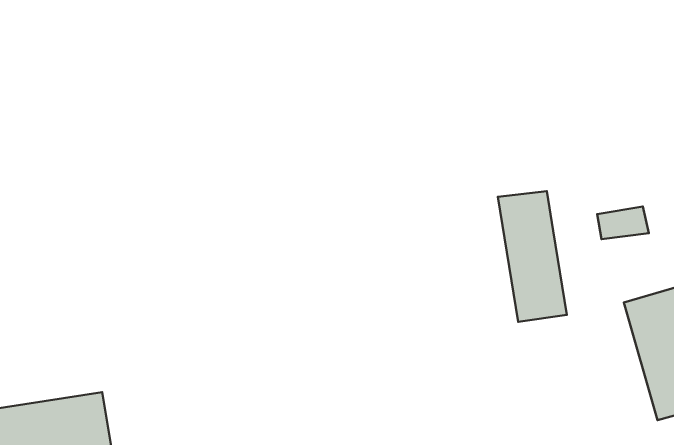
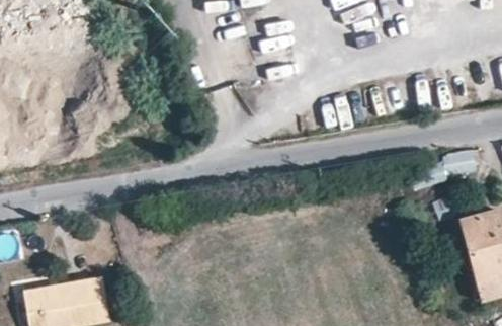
building: [498,191,567,322] -> none

